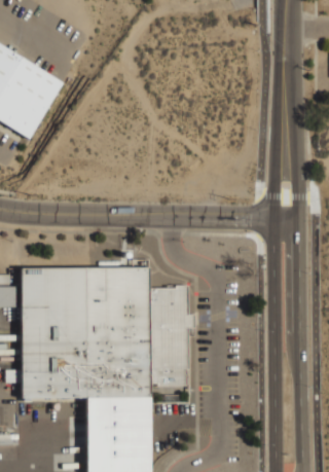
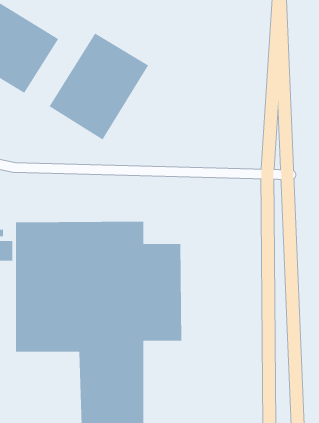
building: none -> [49,32,149,140]

